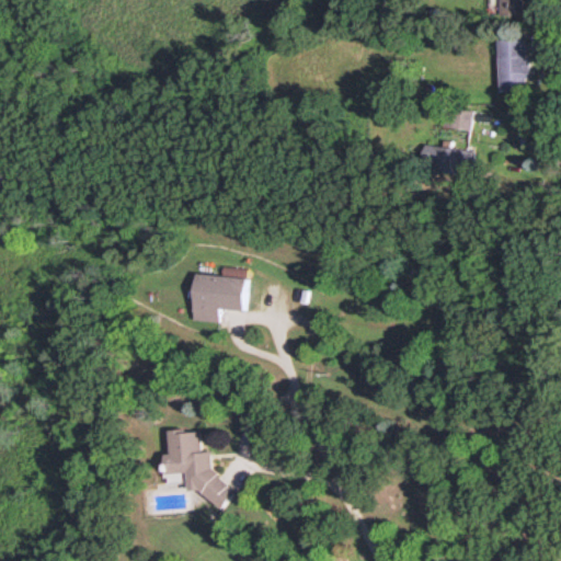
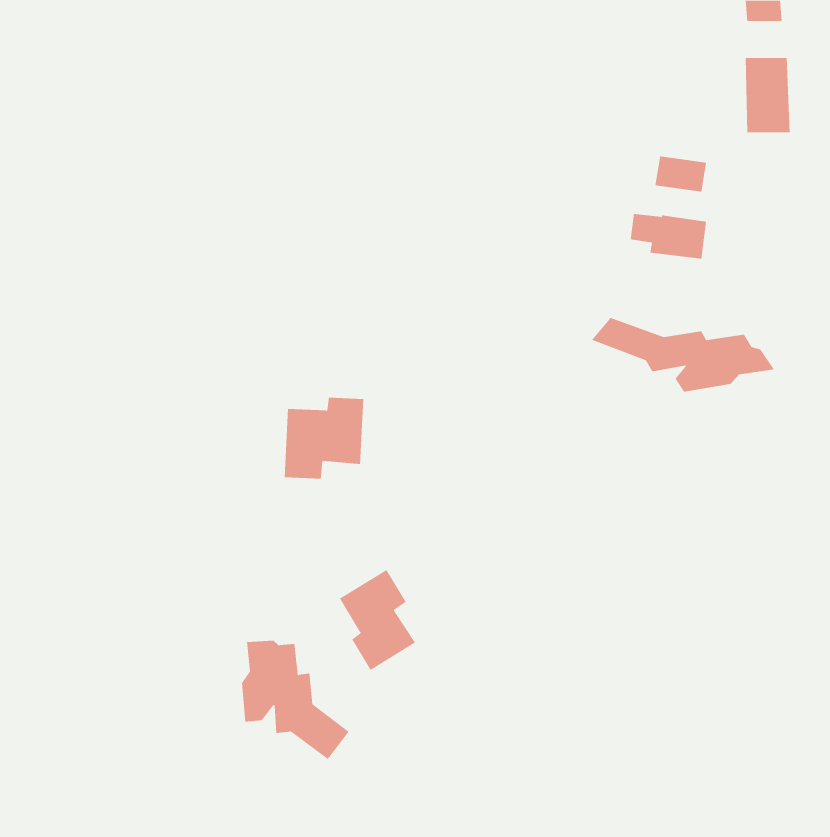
building: none -> [591,317,775,392]
building: none -> [339,569,416,671]

